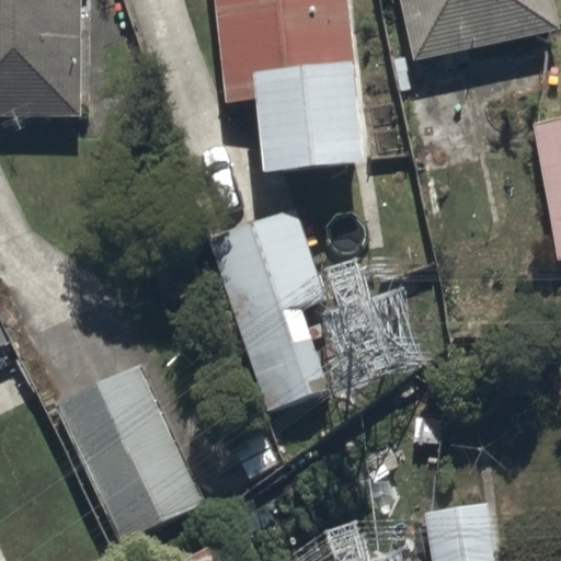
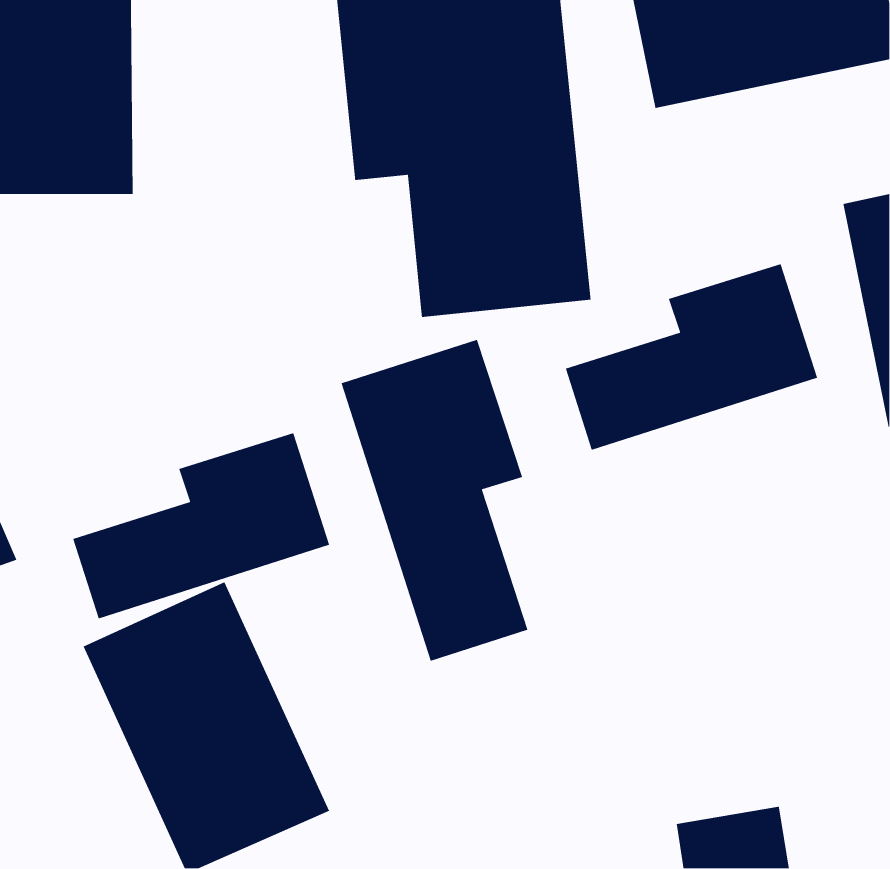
building: none -> [565,263,818,451]
building: none -> [72,432,330,620]

